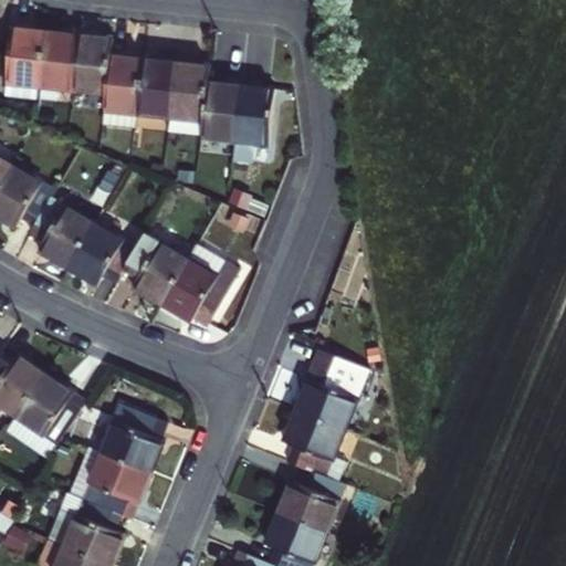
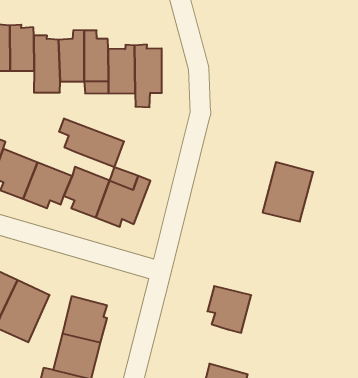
building: none -> [59,118,124,167]
building: [303,352,377,434] -> [263,162,313,222]
building: [283,475,352,538] -> none

